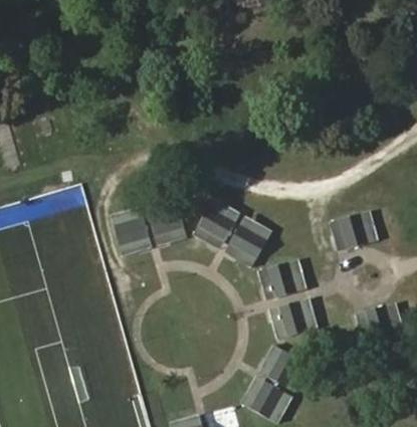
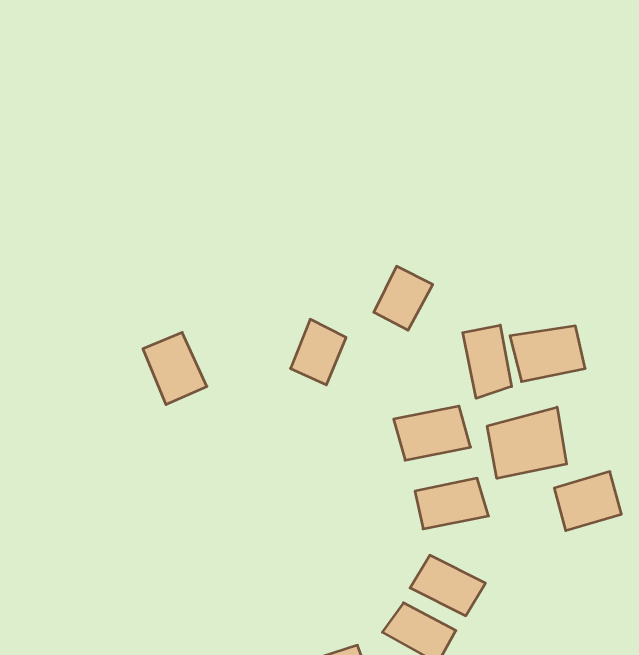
building: [145,201,182,242] -> none
building: none -> [463,325,512,398]
building: [229,225,265,264] -> [374,266,433,330]
building: none -> [487,407,567,478]

